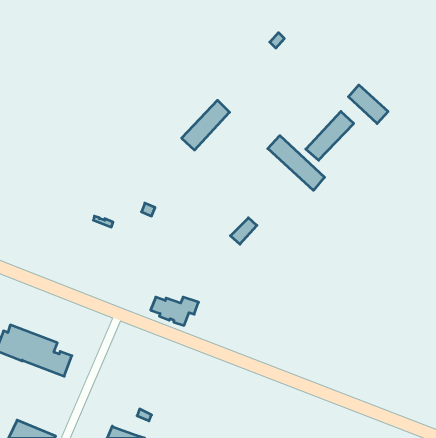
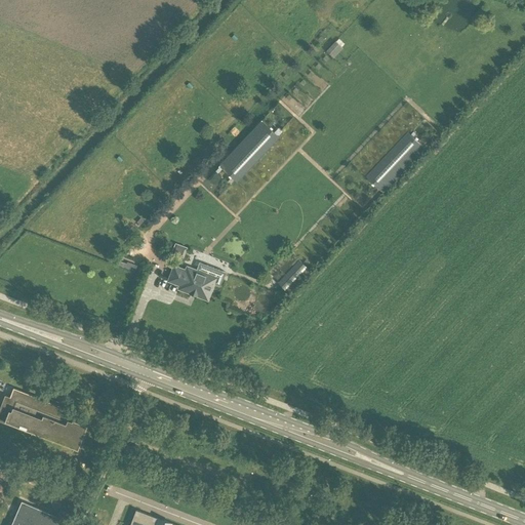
building: [348,85,388,124] -> none
building: [268,136,325,190] -> none
building: [151,297,199,325] -> [166,266,224,299]

